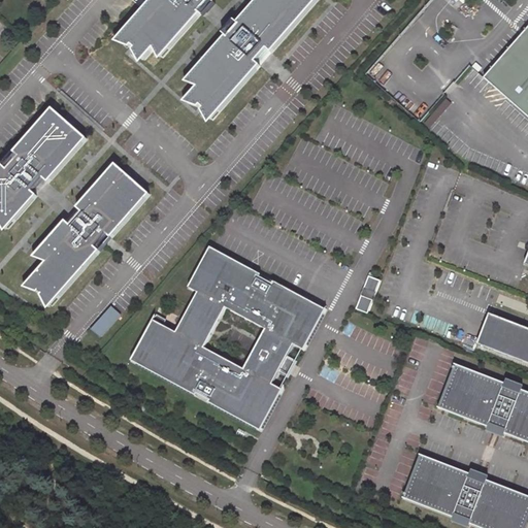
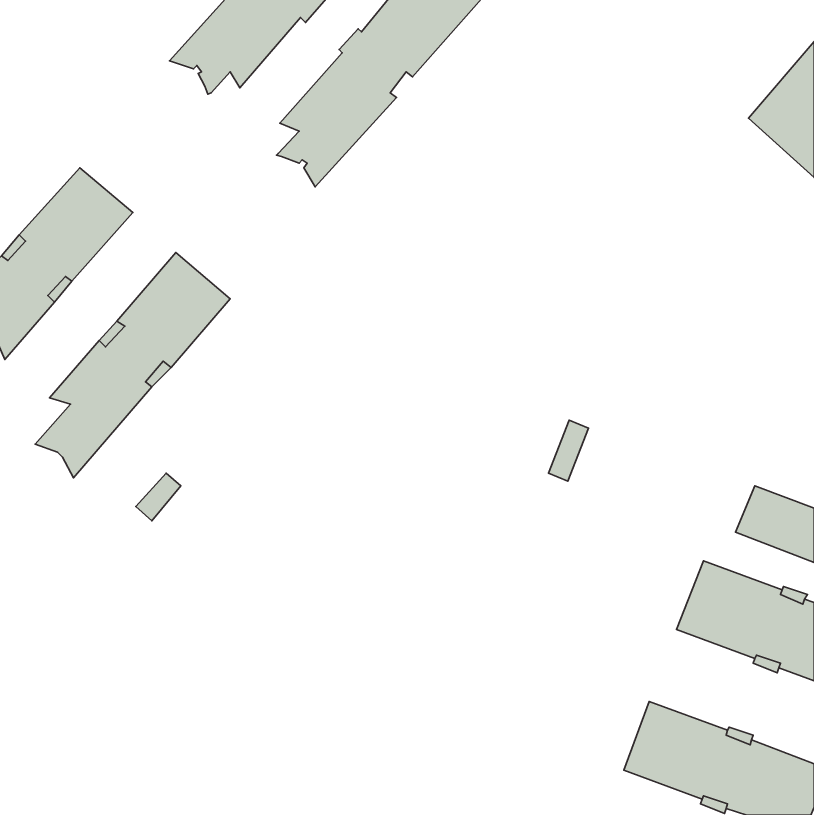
building: [130,245,325,429] -> none

